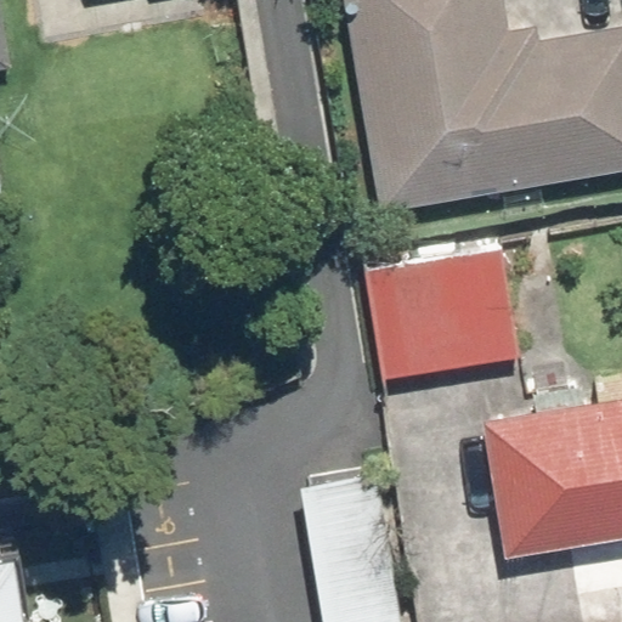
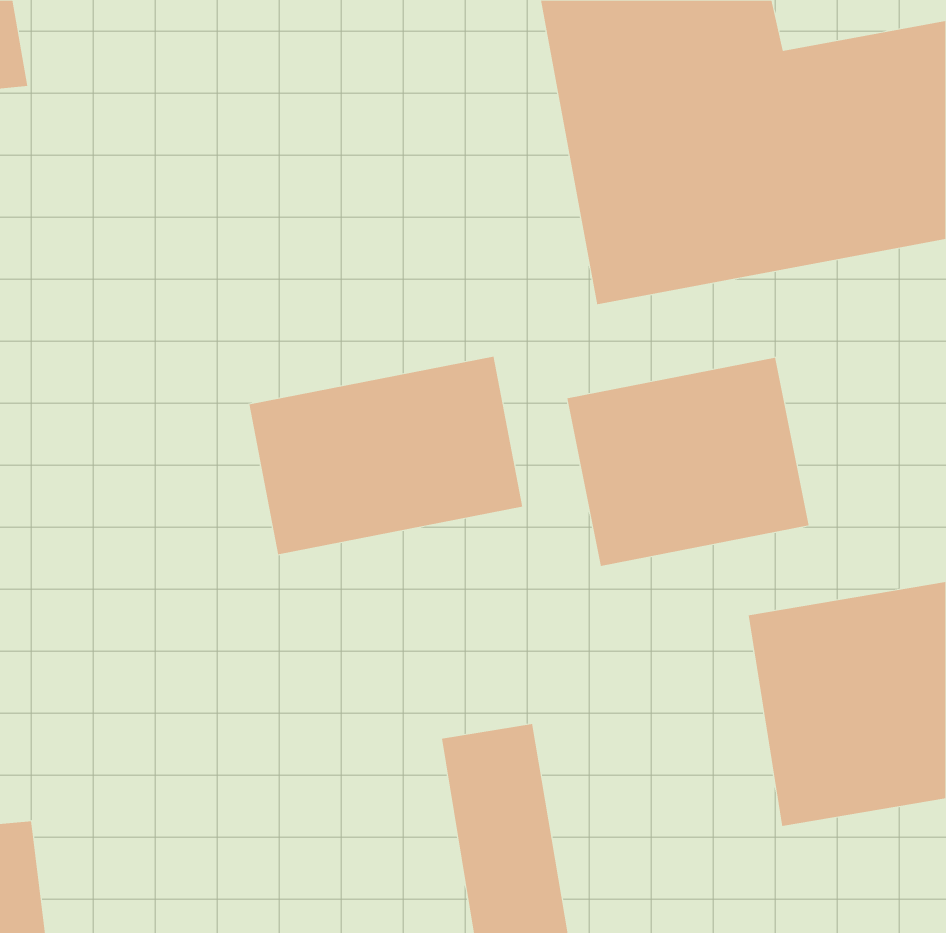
building: none -> [249,356,523,555]

